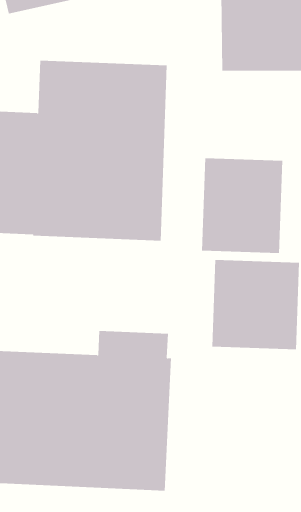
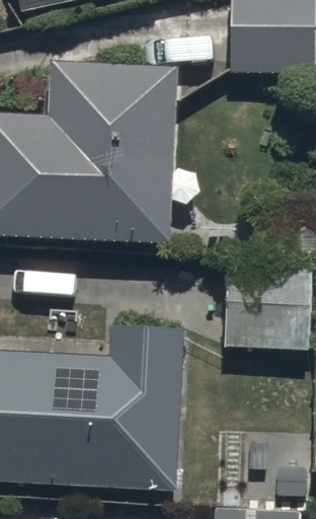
building: [201,158,283,254] -> none

